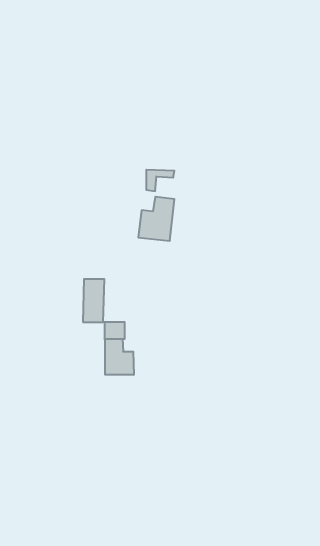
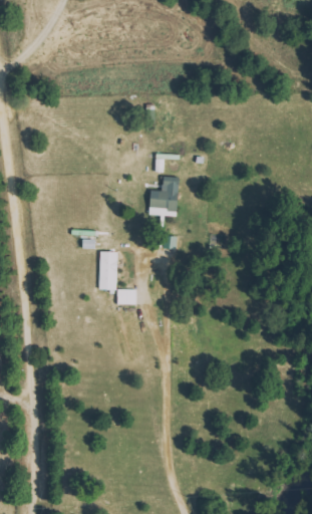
building: [105,339,134,375] -> none

